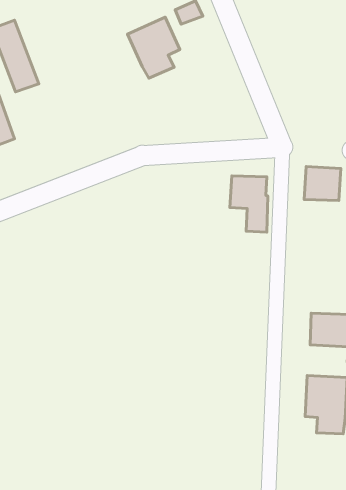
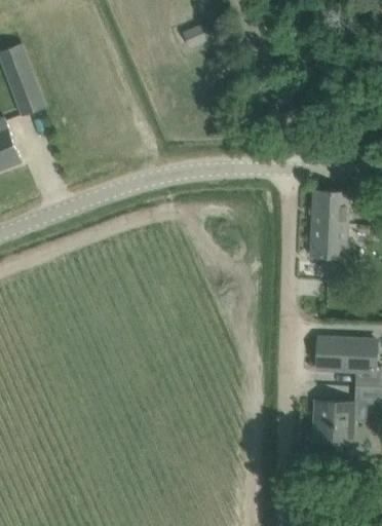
building: [128,17,180,78] -> none
building: [230,176,268,232] -> [309,222,347,278]

